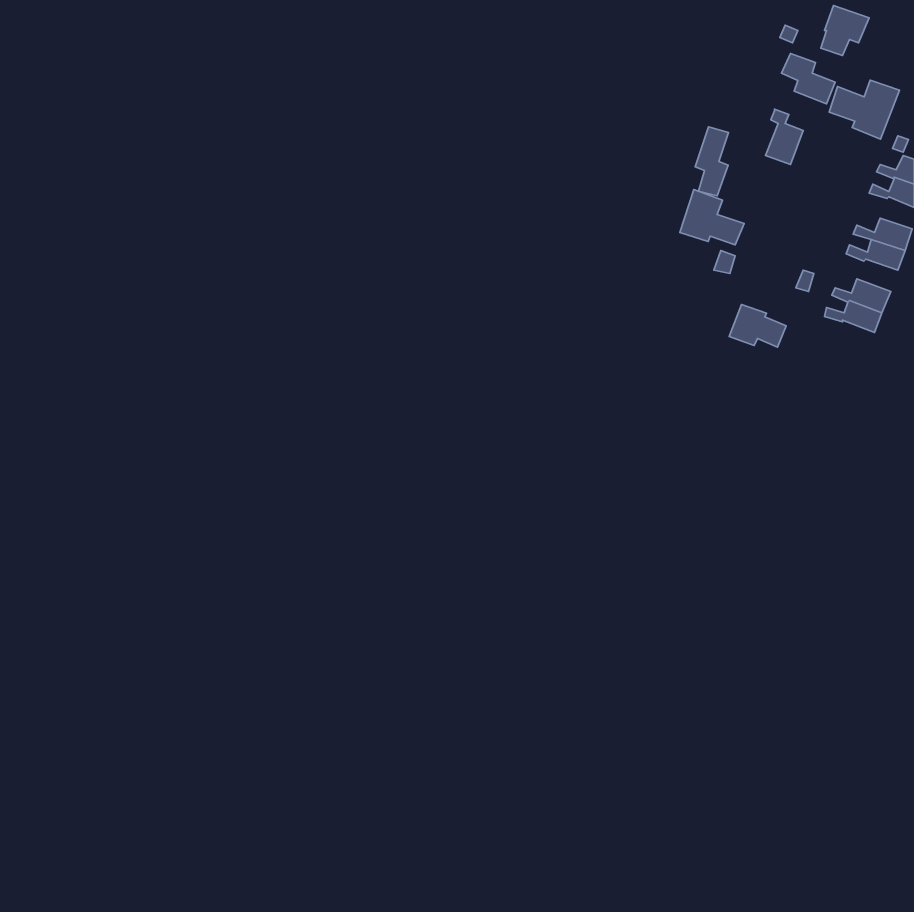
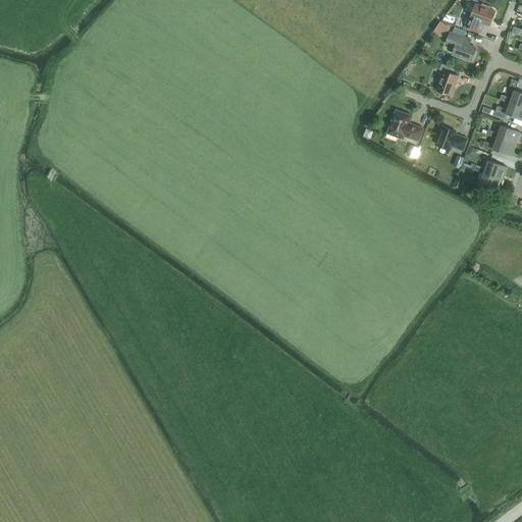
building: [829,80,899,139] -> none
building: [695,127,728,196] -> none
building: [729,304,786,347] -> [435,125,468,150]

